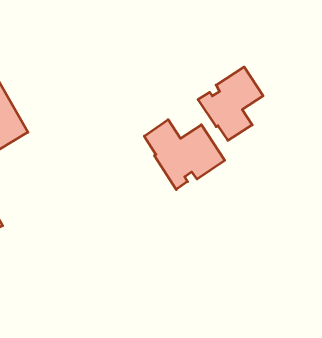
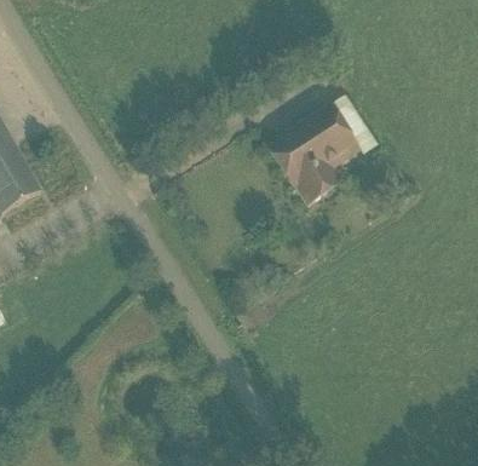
building: [144,120,225,190] -> none

